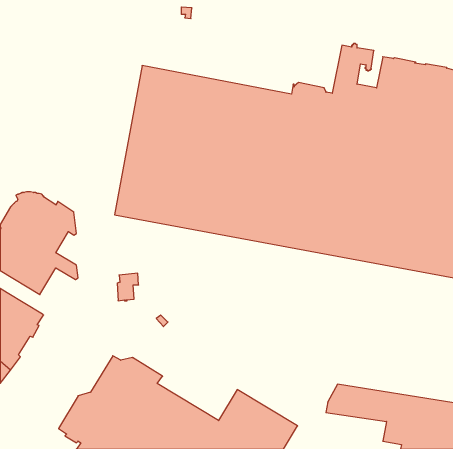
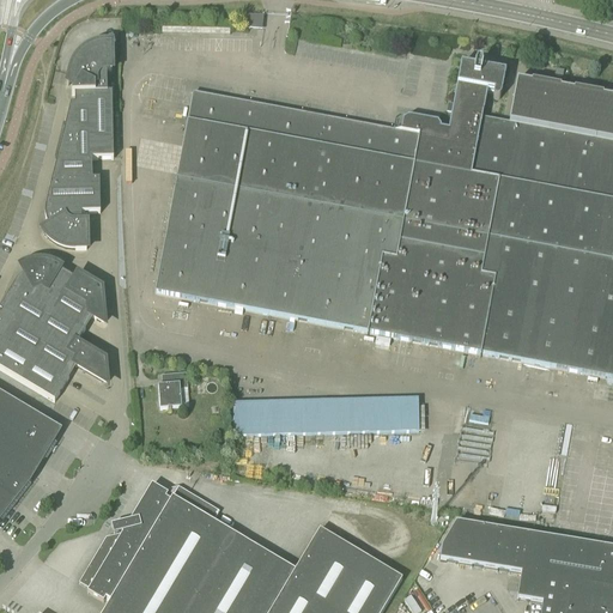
building: none -> [43,41,114,245]
building: none -> [233,394,420,432]

